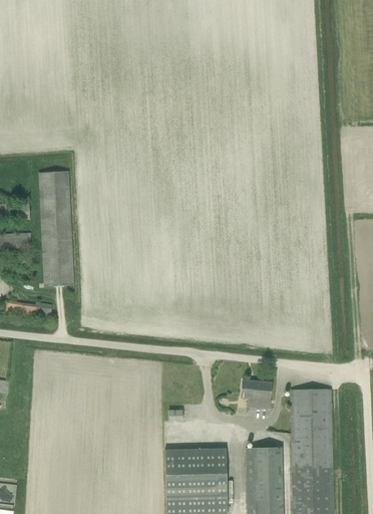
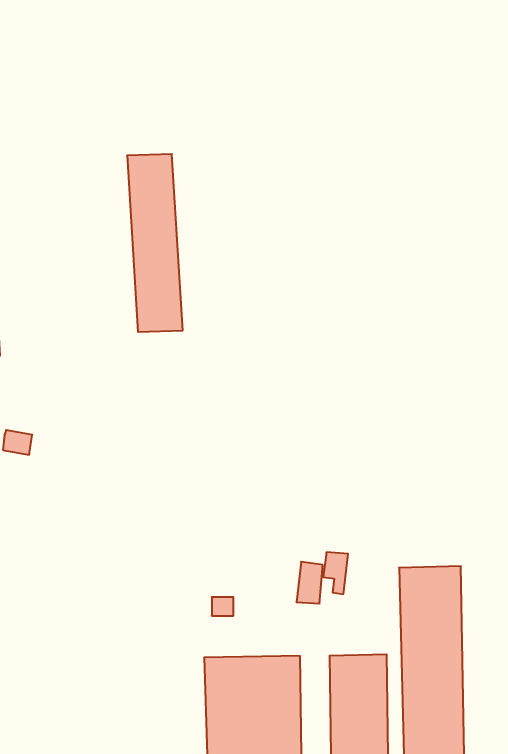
building: [38,172,74,287] -> [127,154,183,332]
building: [254,381,271,409] -> [296,562,323,604]

